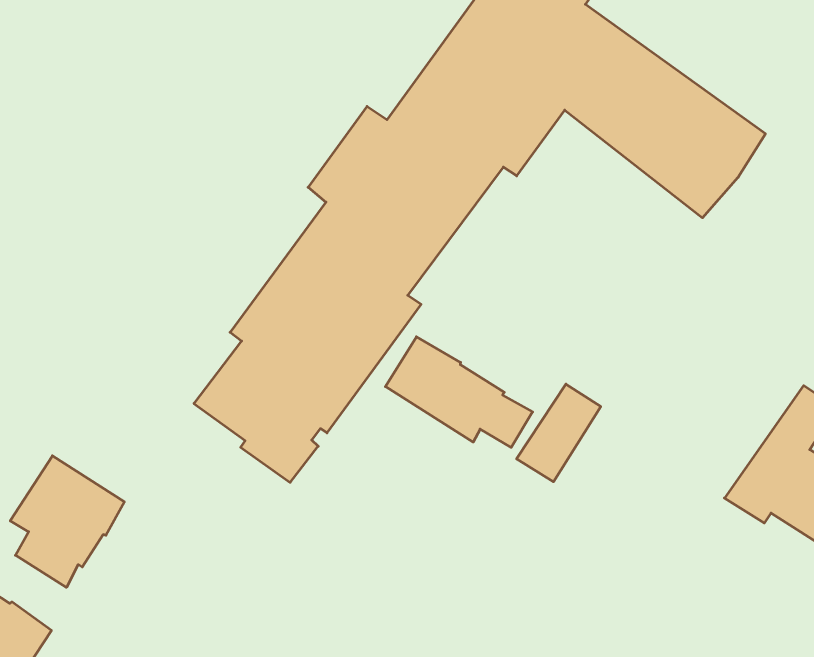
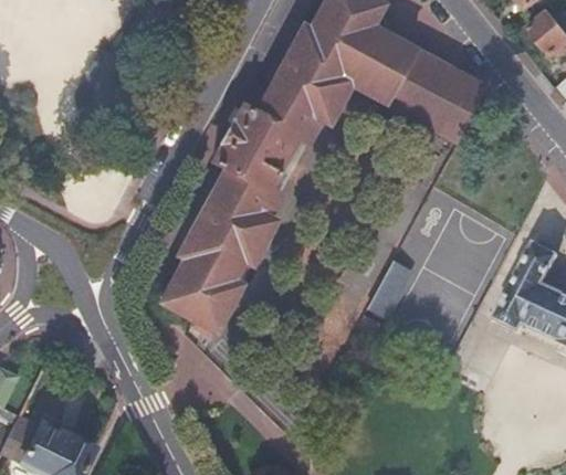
building: [385,337,533,447] -> none
building: [10,456,124,587] -> none

